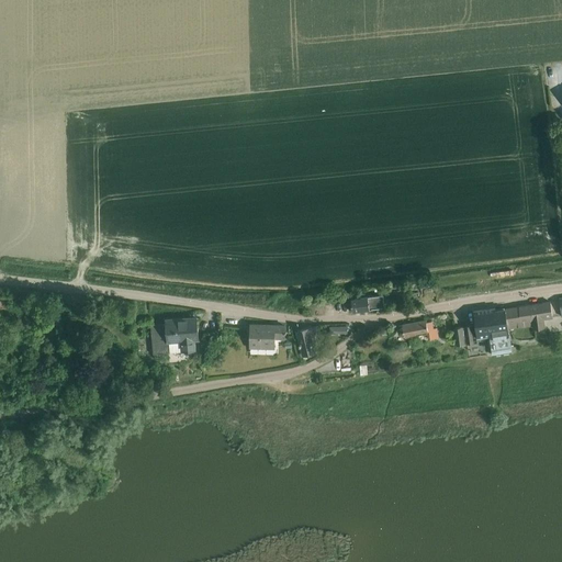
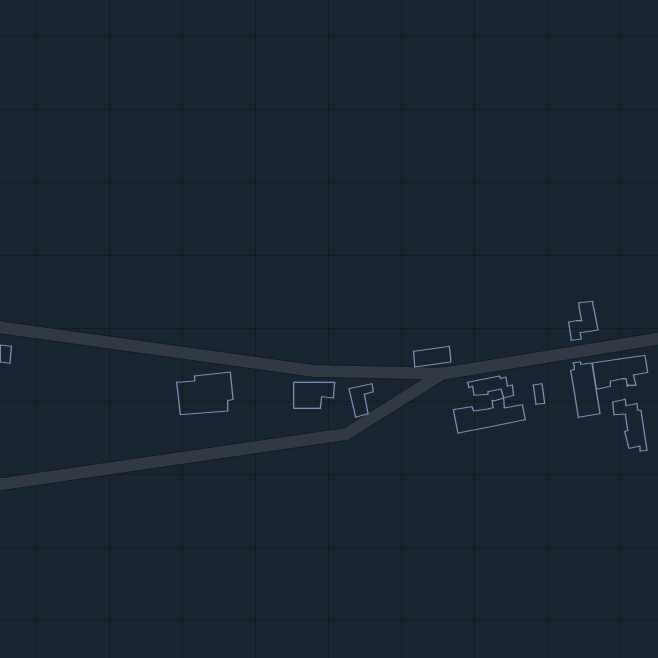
building: [464,310,490,342] -> [568,302,598,340]
building: none -> [454,398,525,433]
building: none -> [613,399,647,451]

